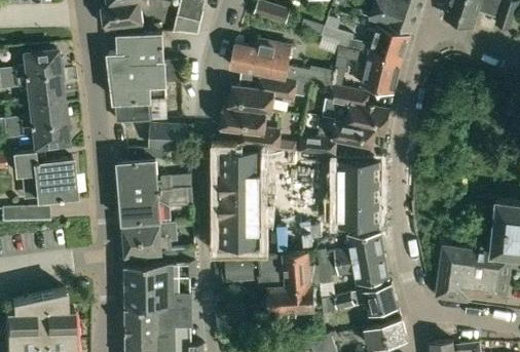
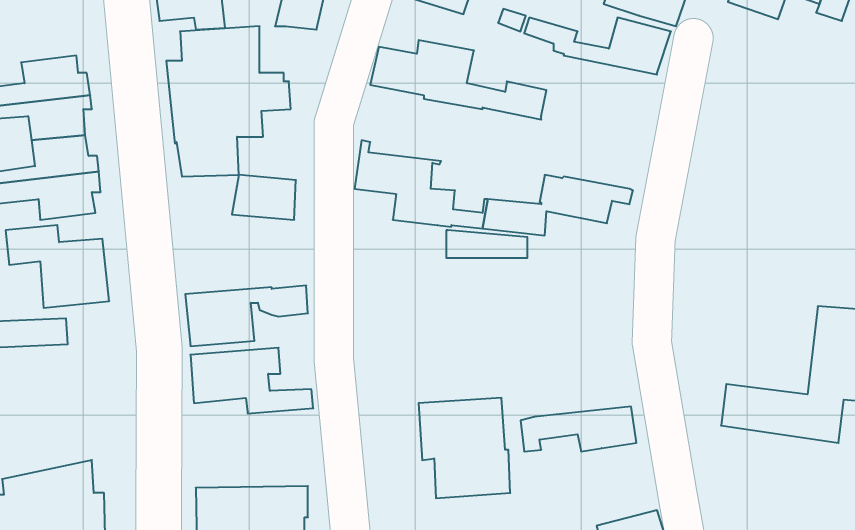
building: [342,50,400,94] -> none
building: [228,76,296,113] -> none
building: [328,86,388,130] -> none
building: [117,149,171,192] -> none
building: [217,150,260,246] -> none
building: [335,162,378,228] -> none
building: [326,234,384,265] -> none
building: [224,258,253,280] -> none
building: [124,261,197,307] -> none
building: [435,270,508,301] -> none
building: [321,282,397,314] -> none

